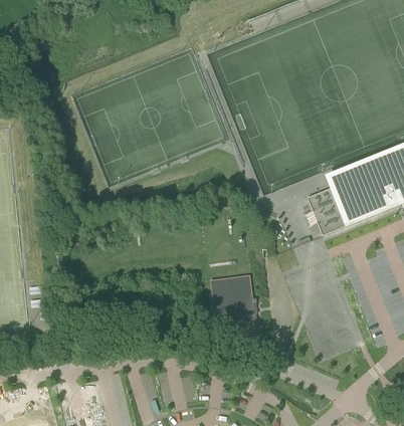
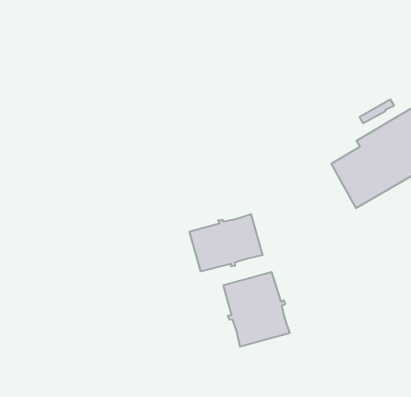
building: none -> [190,214,263,271]

